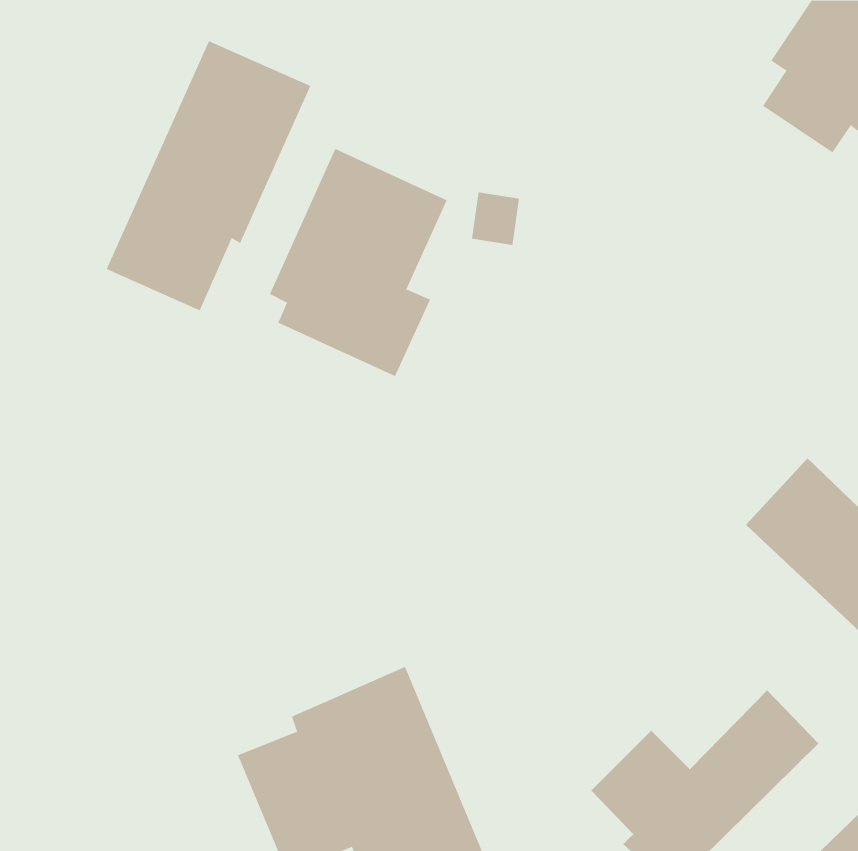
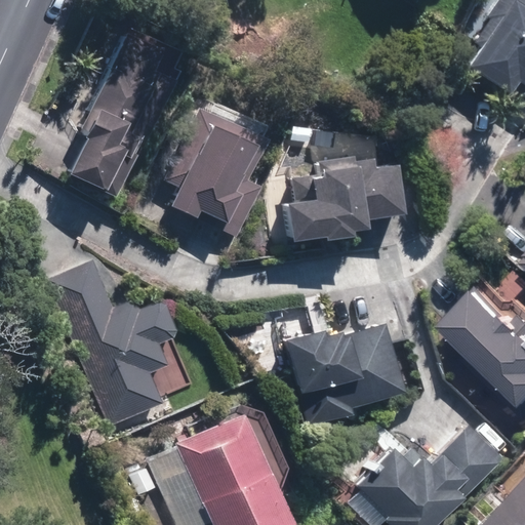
building: none -> [284,157,407,241]
building: none -> [47,261,181,430]
building: none -> [283,321,407,427]

